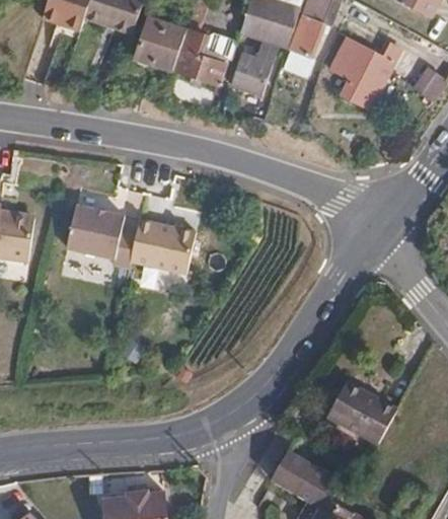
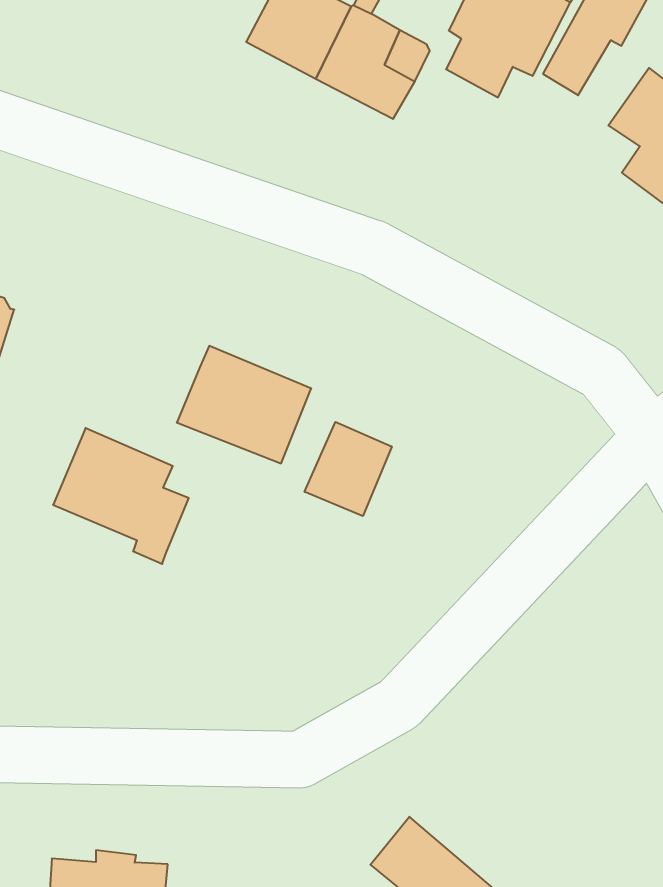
building: [230,55,270,94] -> none
building: [68,204,138,268] -> [53,428,189,564]
building: none -> [305,422,392,516]
building: [324,378,395,443] -> none

